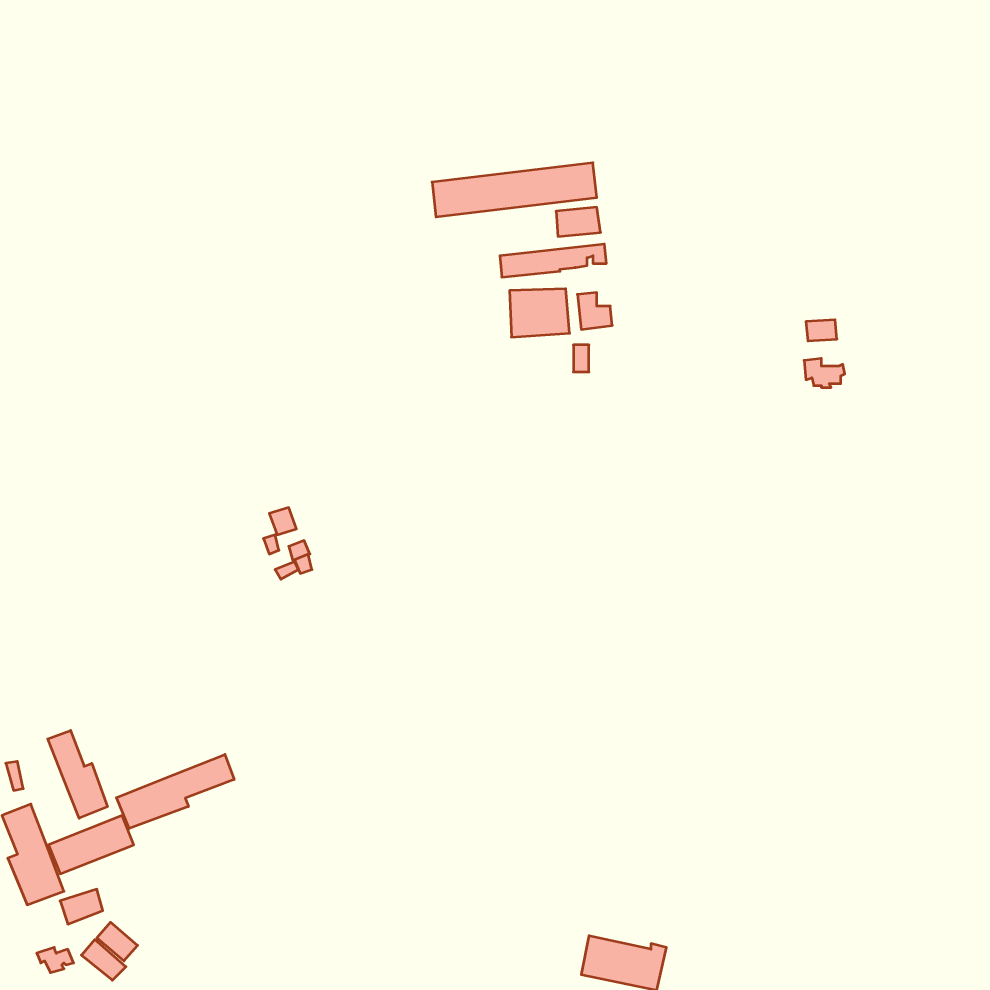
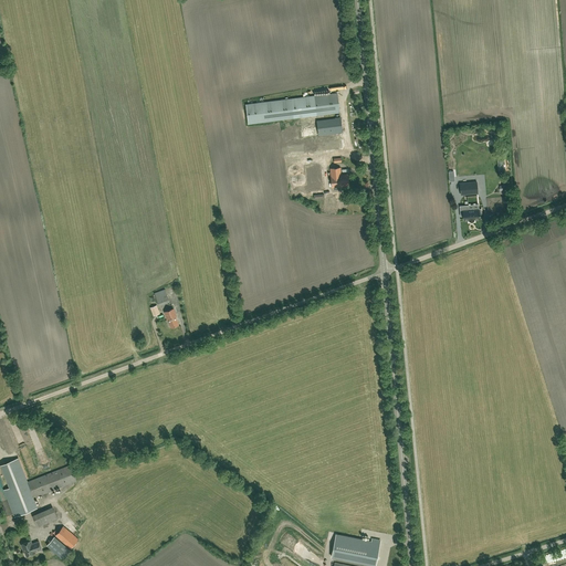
building: [48,730,107,818] -> none
building: [116,754,234,829] -> none

